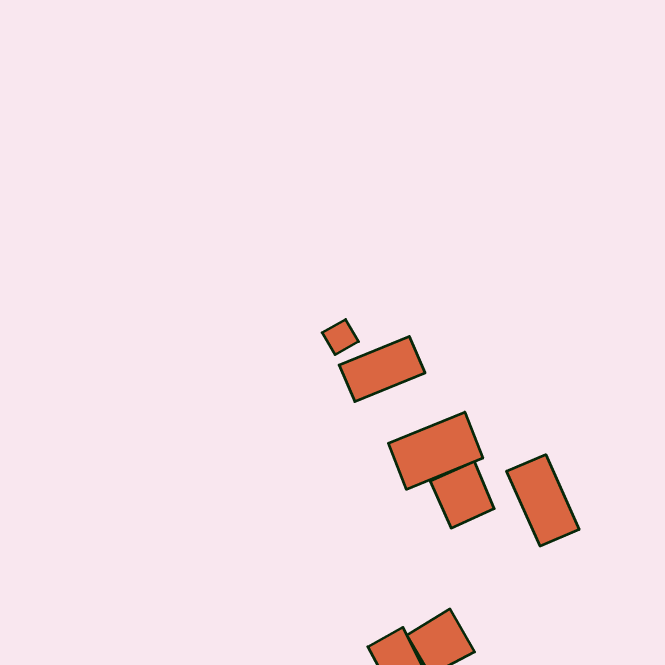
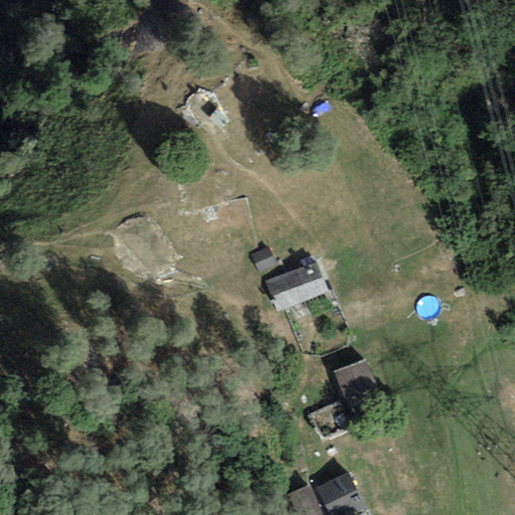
building: [388,412,483,489] -> none
building: [507,455,579,546] -> none

